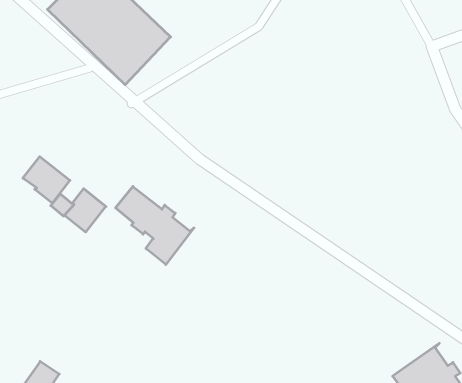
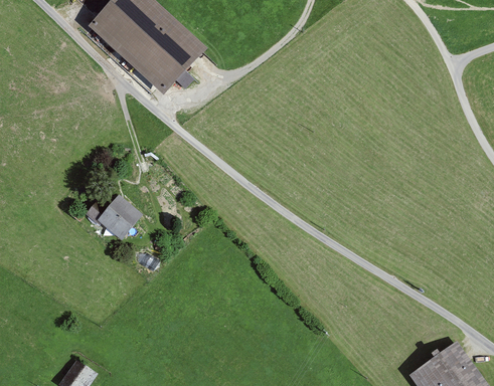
building: [23,157,70,203] -> none
building: [116,186,194,265] -> none

